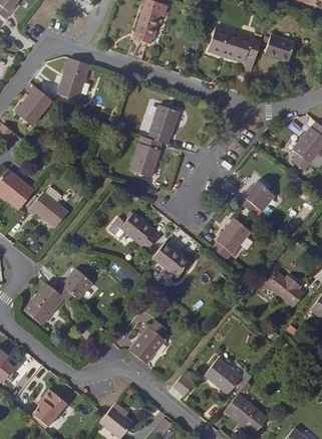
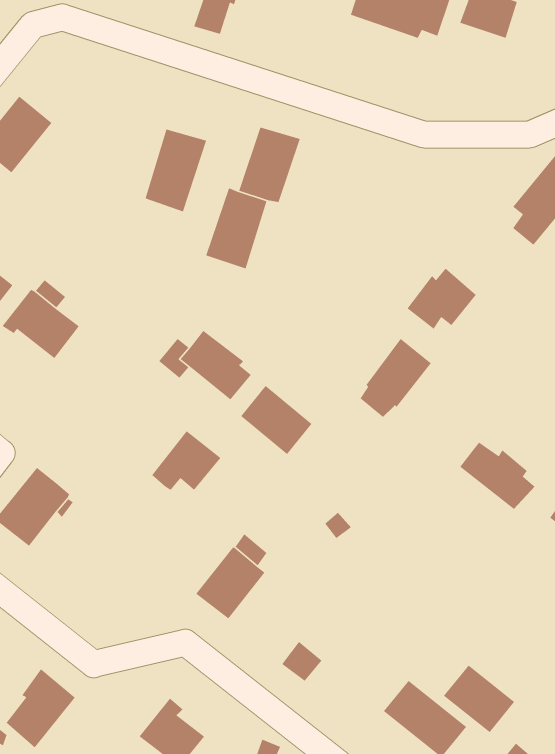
building: [59,63,91,106] -> [144,128,207,212]
building: [58,267,94,298] -> [151,430,222,491]
building: [204,356,241,391] -> [443,665,515,733]

